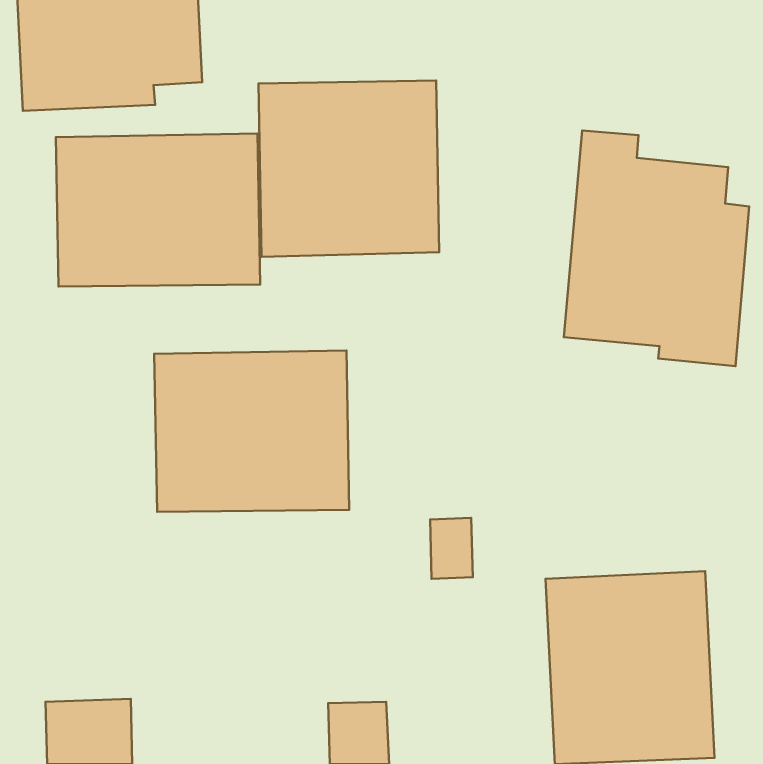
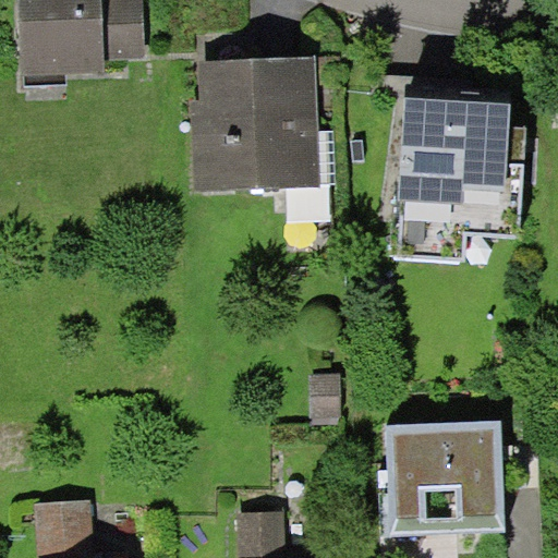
building: [56,134,260,287] -> none
building: [154,350,349,512] -> none

